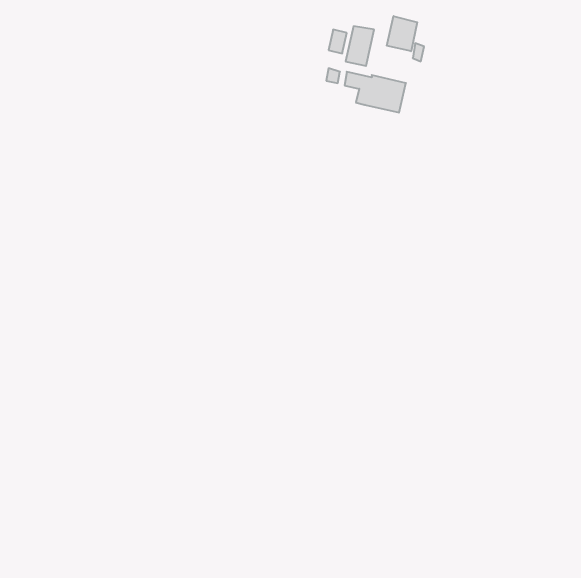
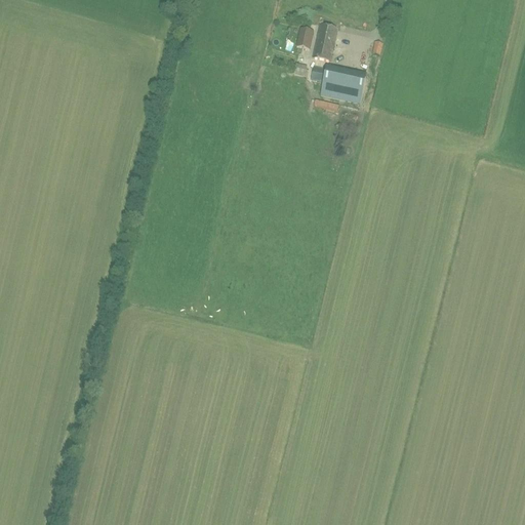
building: [387,16,417,51] -> none

